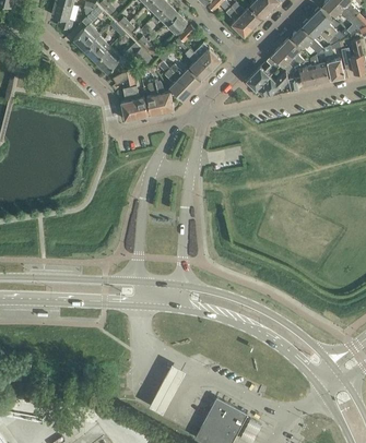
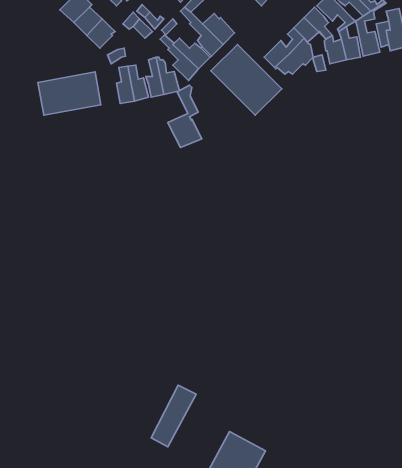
building: none -> [211,44,282,115]
building: none -> [38,72,101,115]
building: none -> [168,85,202,147]

